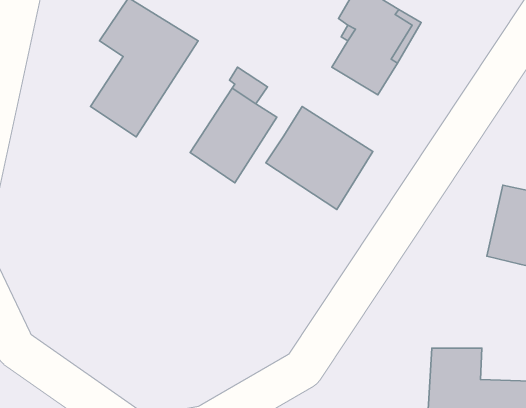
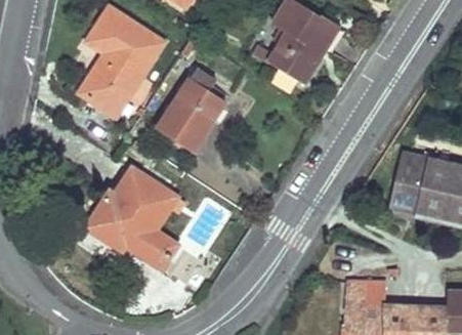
building: [266,107,373,209] -> none
building: none -> [86,168,176,267]

